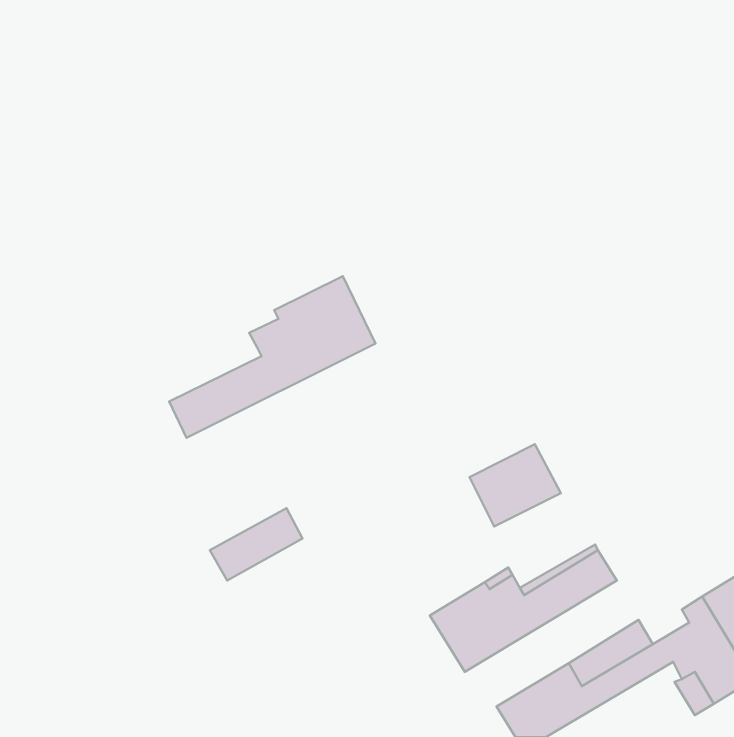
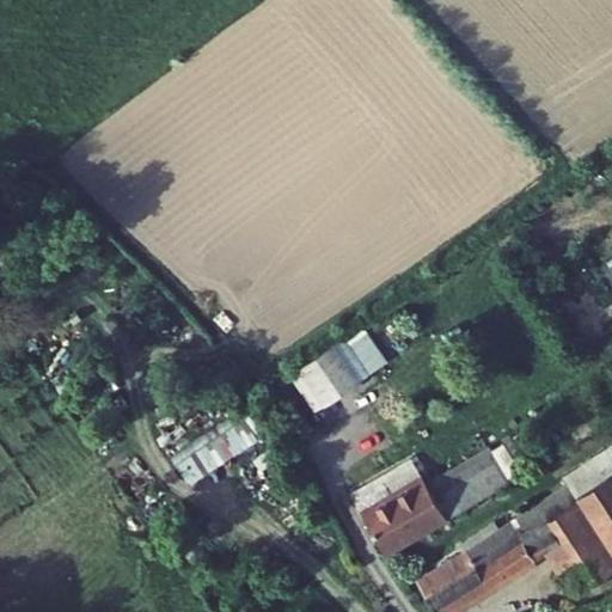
building: [169,276,375,438] -> none
building: [470,444,561,527] -> [295,339,371,408]

